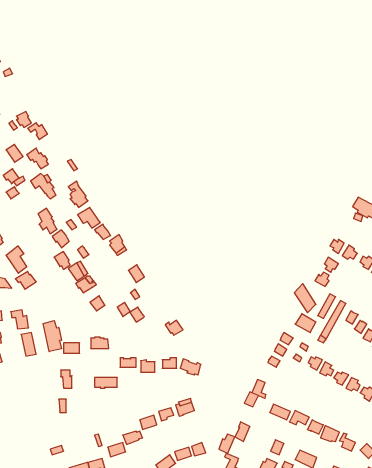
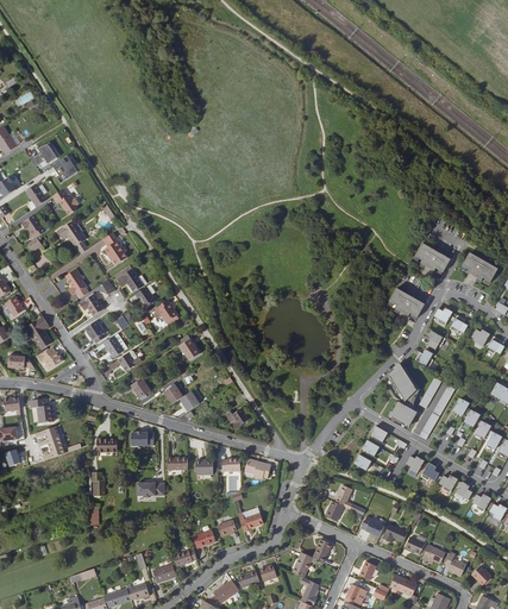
building: none -> [415,243,451,271]
building: none -> [390,288,425,316]
building: [43,321,62,352] -> none

